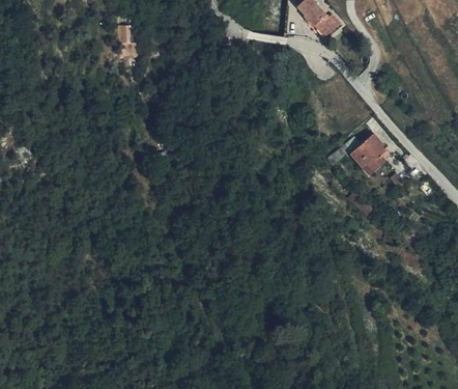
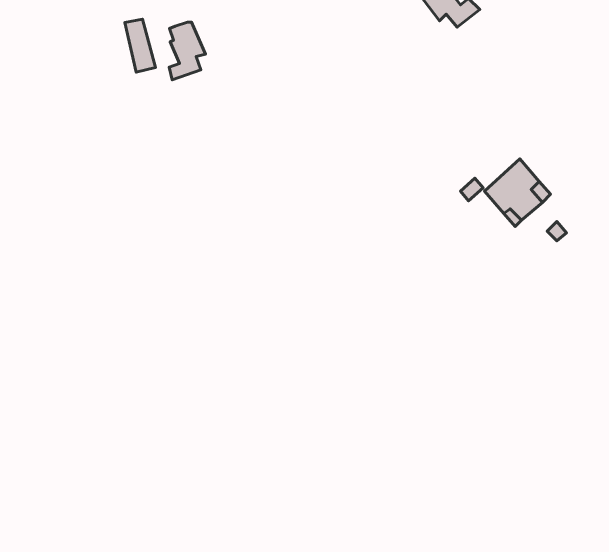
building: none -> [169,22,206,80]

